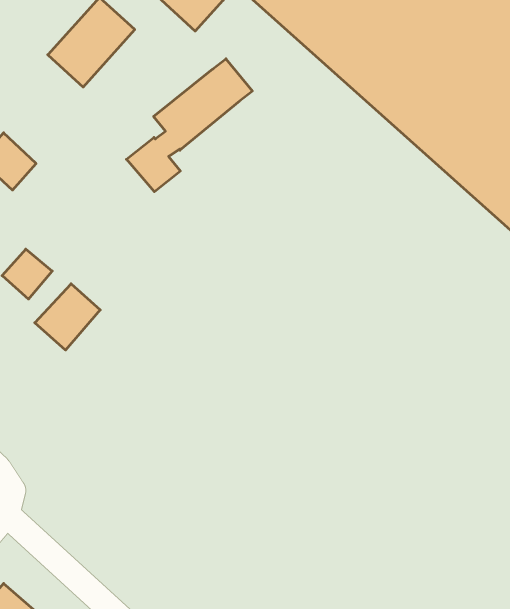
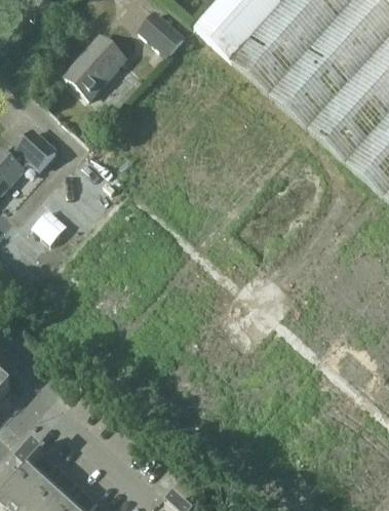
building: [126,59,252,192] -> none
building: [35,284,100,350] -> none

